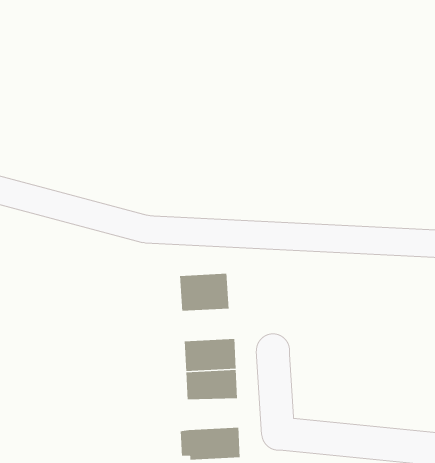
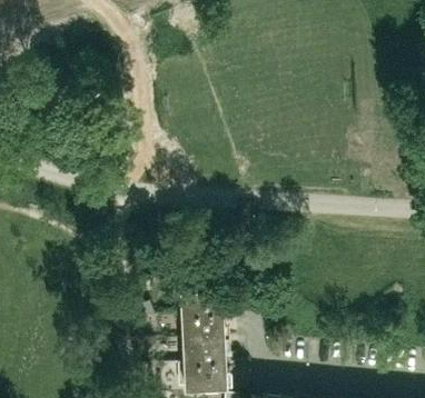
building: [179,273,229,312] -> none
building: none -> [184,344,227,369]

